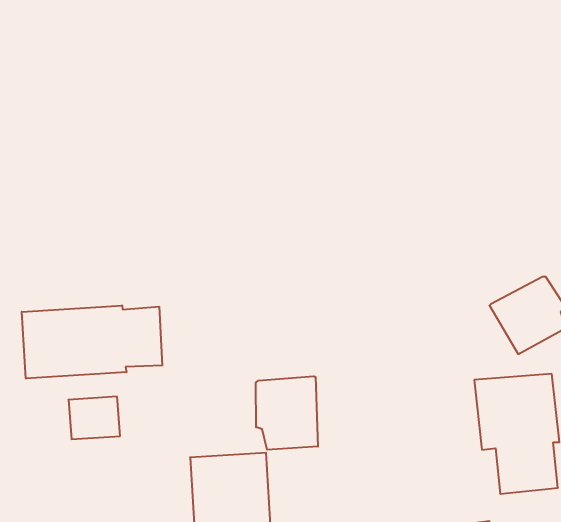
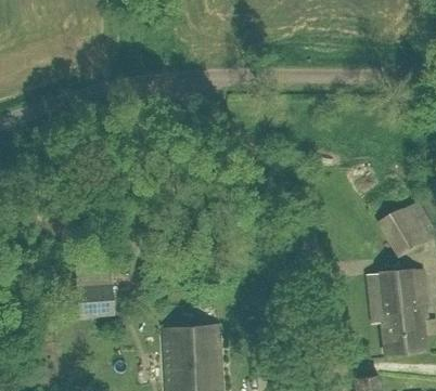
building: [22,305,162,379] -> none
building: [256,376,318,450] -> none

